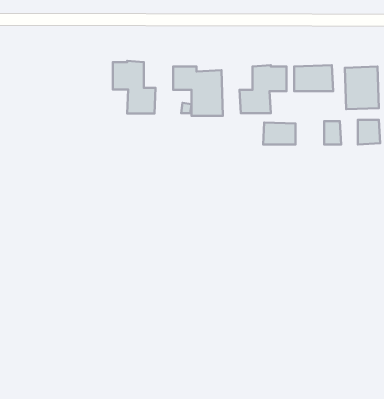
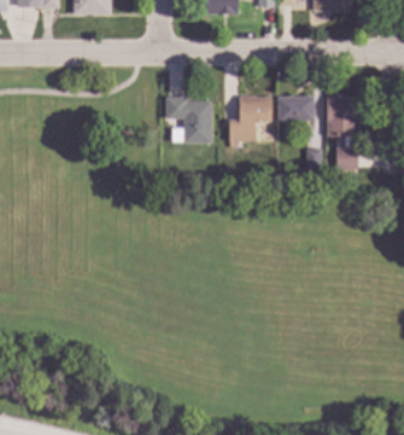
building: [113,61,156,114] -> none
building: [263,123,296,145] -> none

